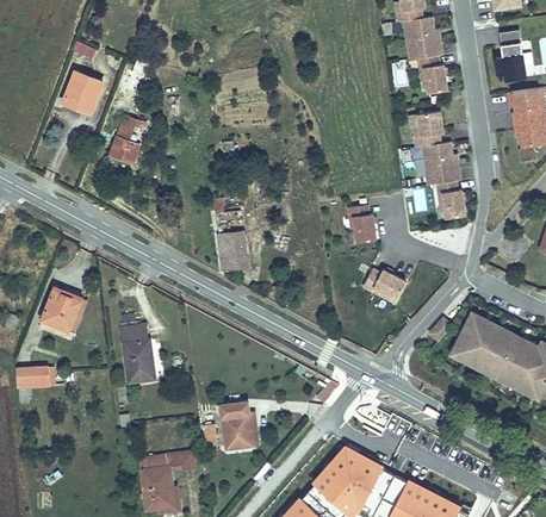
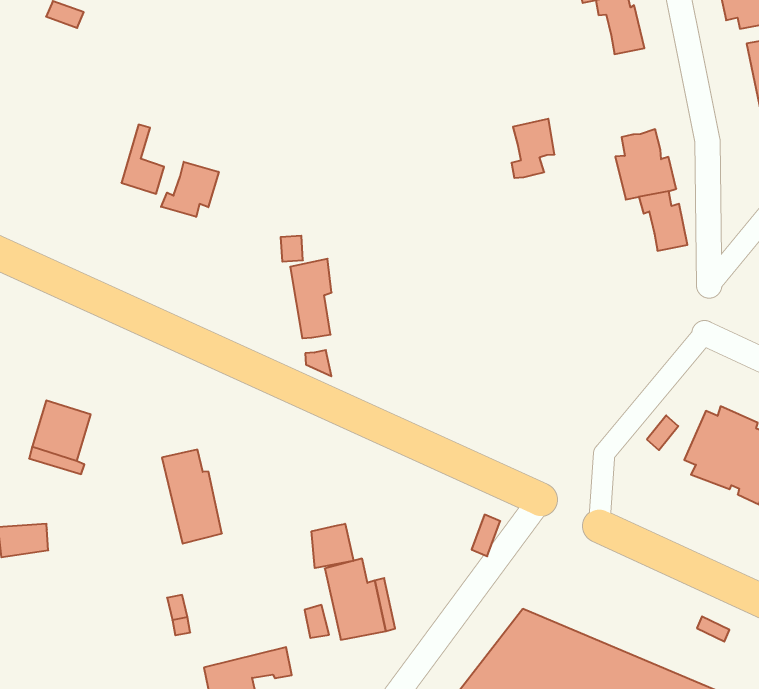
building: [60,71,98,107] -> none
building: [414,112,441,148] -> [511,119,555,178]
building: none -> [161,162,219,217]
building: [347,203,373,239] -> none
building: [362,268,403,301] -> none
building: none -> [312,524,353,568]

